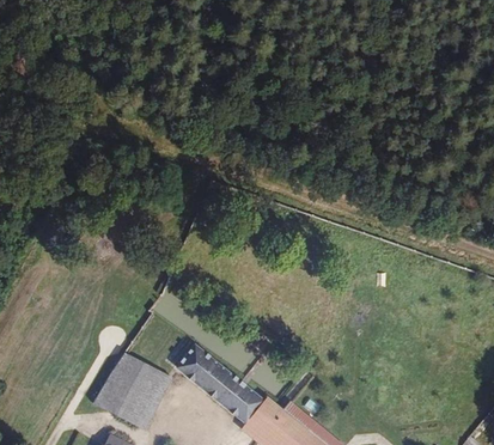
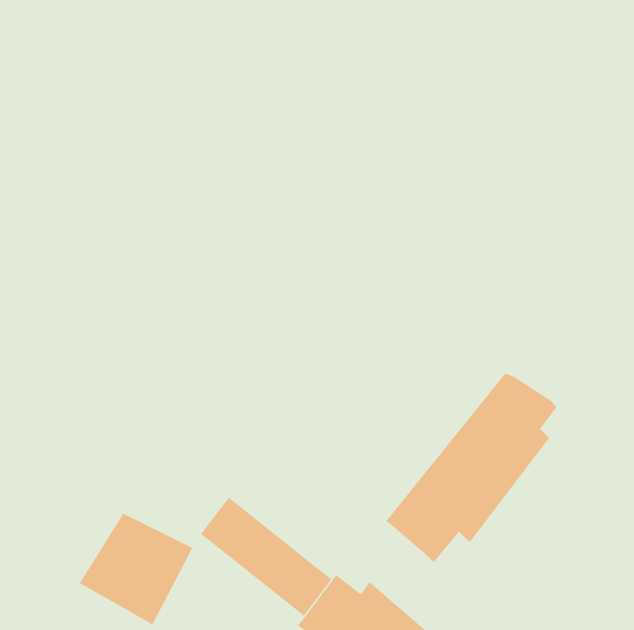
building: none -> [386,373,557,563]

